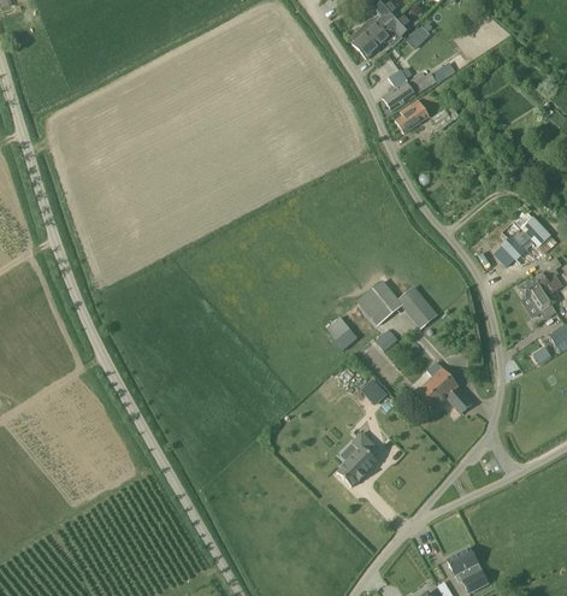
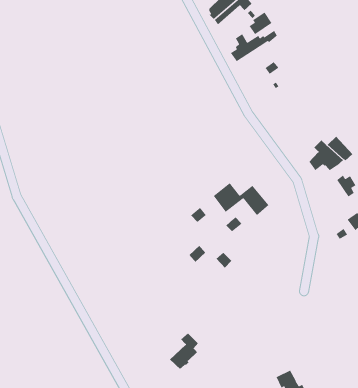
building: [394,100,429,134] -> [248,11,272,35]
building: [519,278,556,319] -> none
building: [414,361,472,418] -> none
building: [337,430,379,483] -> [169,333,199,370]

